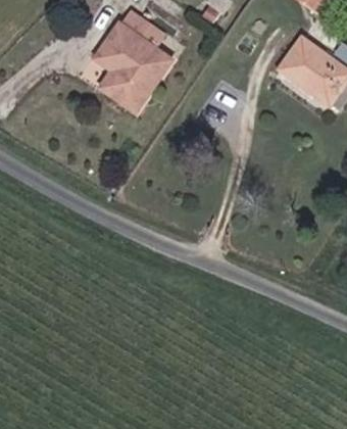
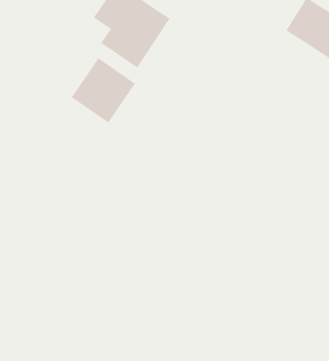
building: none -> [71,57,136,124]

